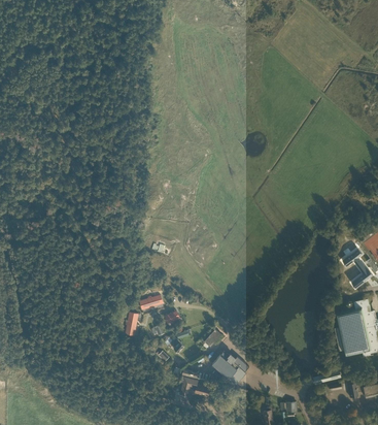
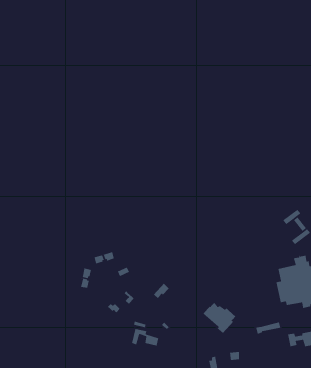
building: [210,352,246,386] -> [203,302,236,334]

